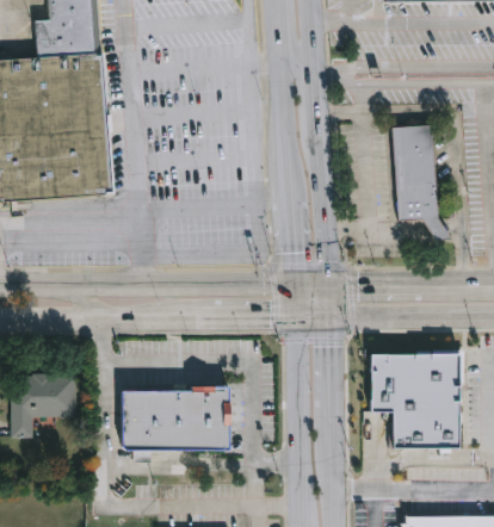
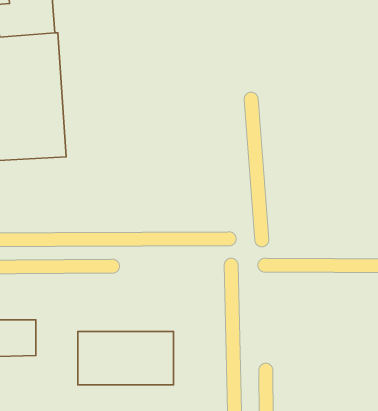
building: [390,123,447,236] -> none
building: [370,351,459,447] -> none

